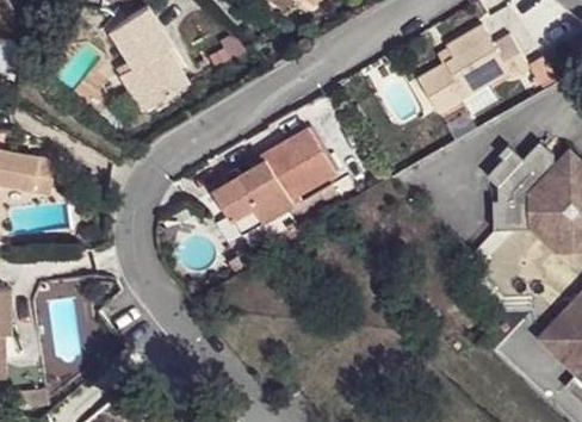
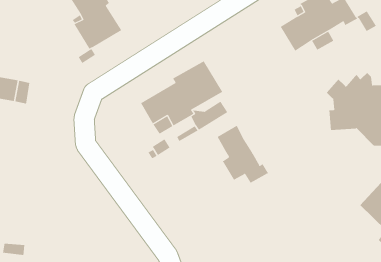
building: none -> [217,125,269,184]

